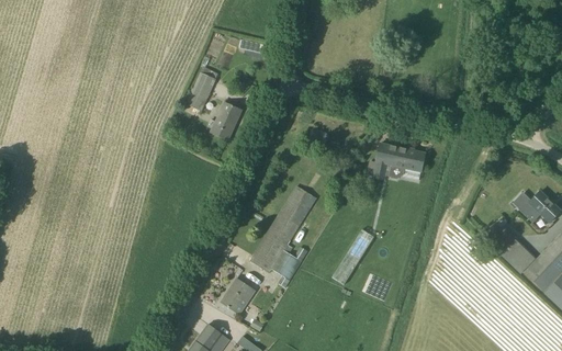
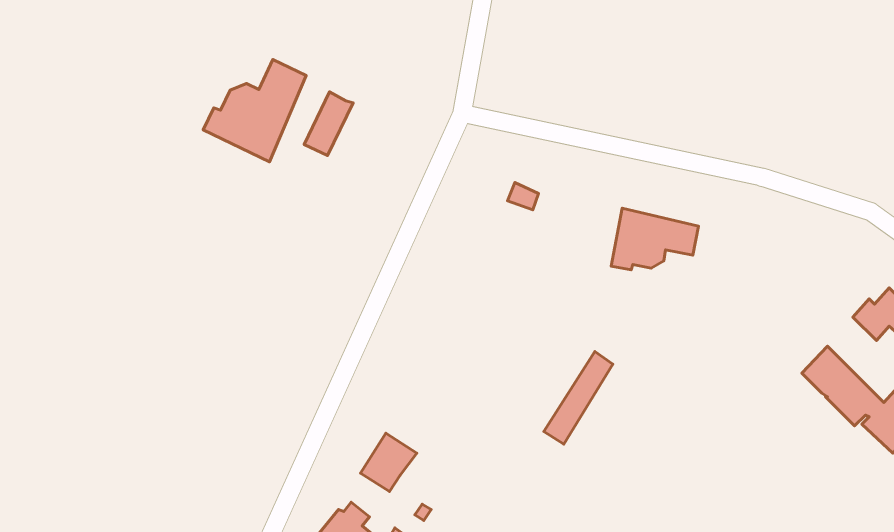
building: none -> [203,60,306,162]
building: [211,102,241,140] -> none
building: [250,185,314,288] -> none

